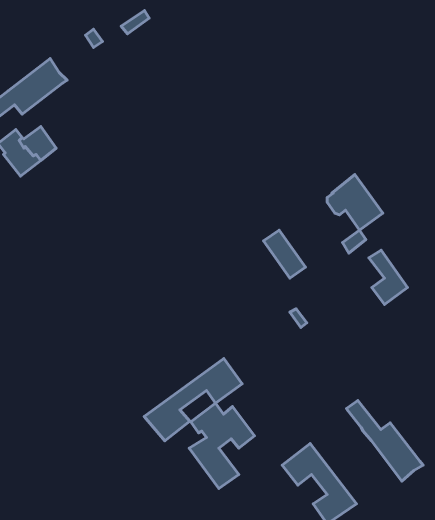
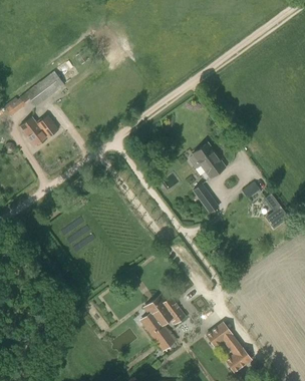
building: [327,174,383,230] -> [190,141,226,177]
building: [144,358,242,441] -> none
building: [347,401,423,481] -> none

